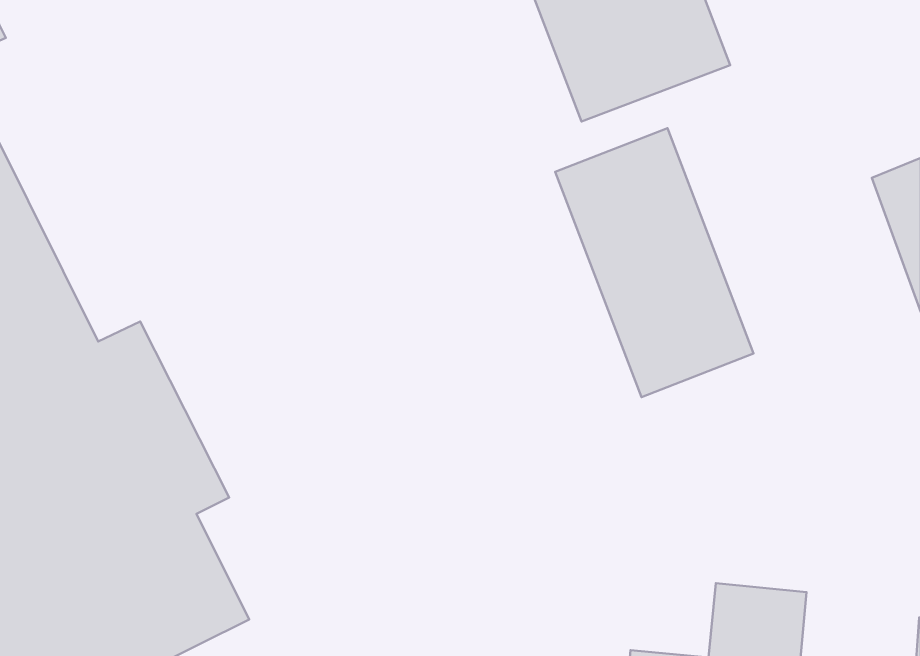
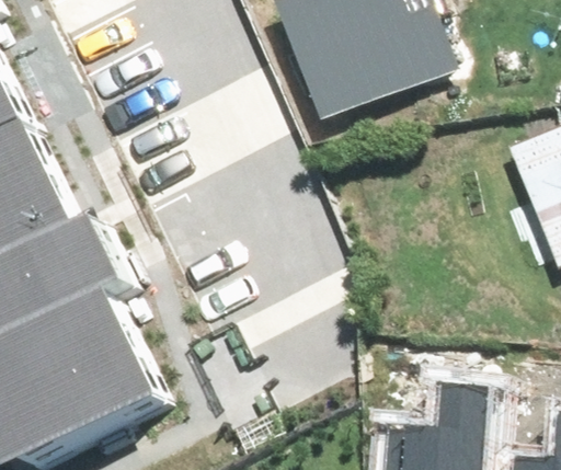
building: [555,128,754,397] -> none

